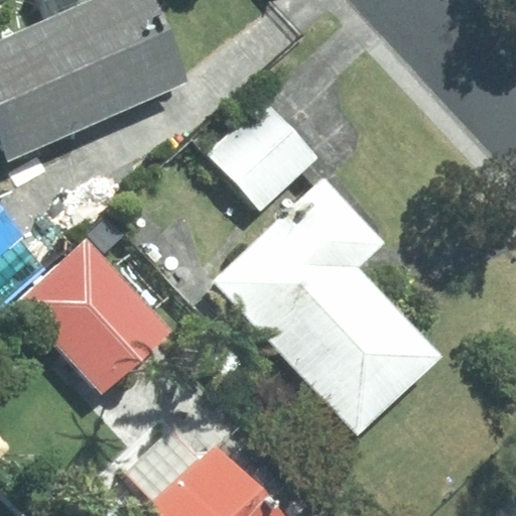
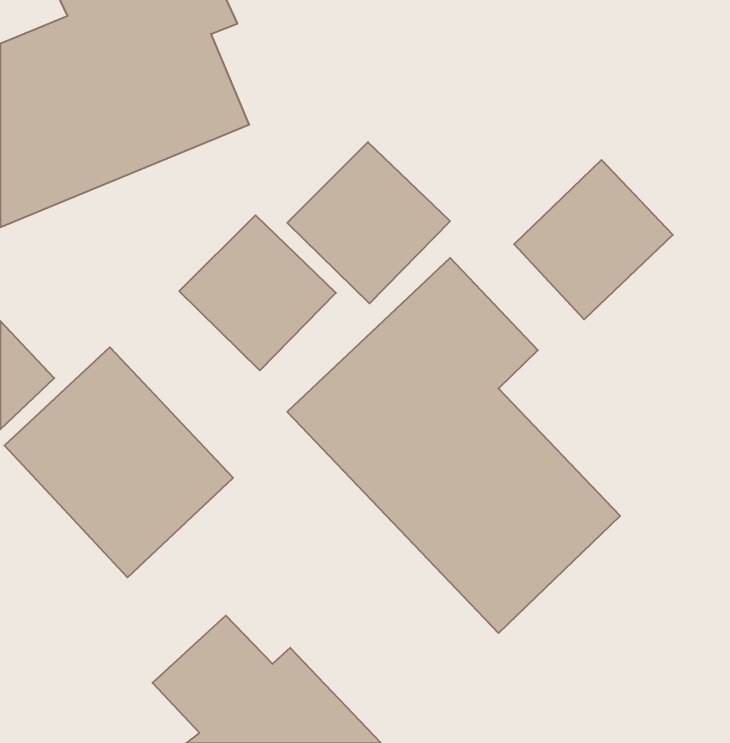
building: none -> [514,160,673,319]
building: none -> [179,215,336,370]

